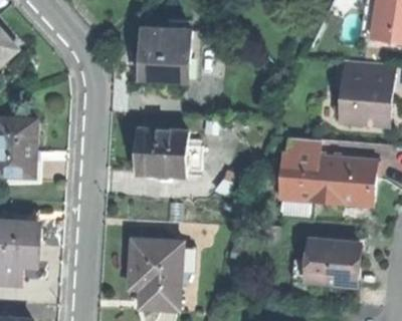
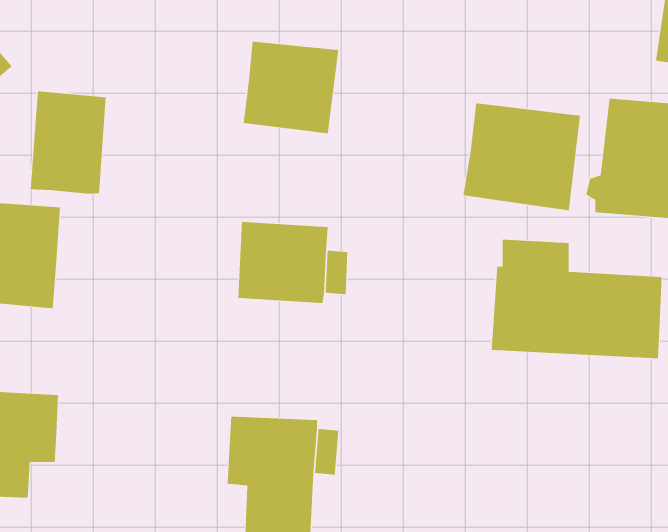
building: none -> [30,90,106,195]
building: none -> [463,103,580,211]
building: [308,239,360,283] -> none

